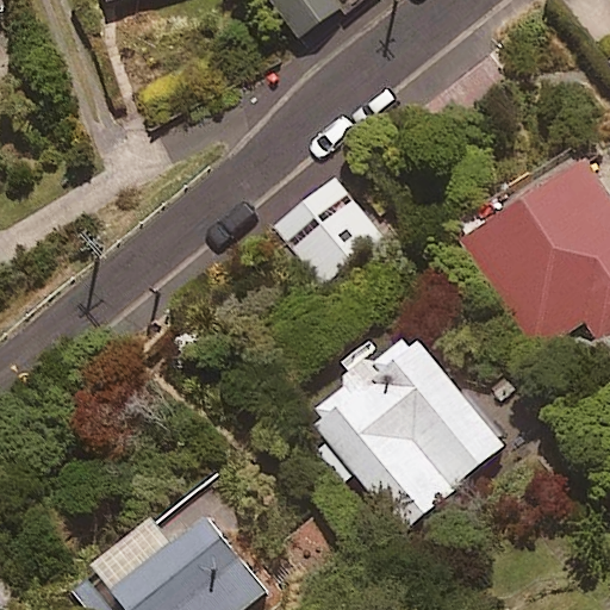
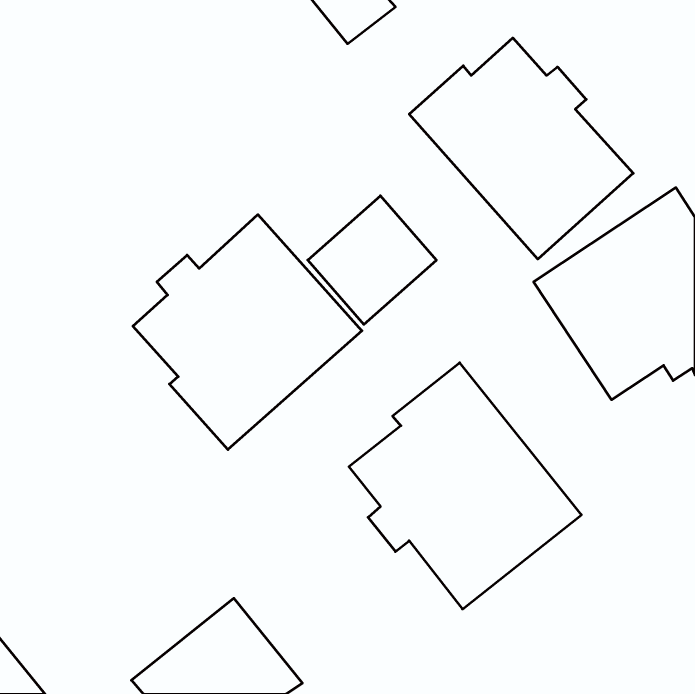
building: none -> [409,38,633,259]
building: none -> [133,215,362,450]

